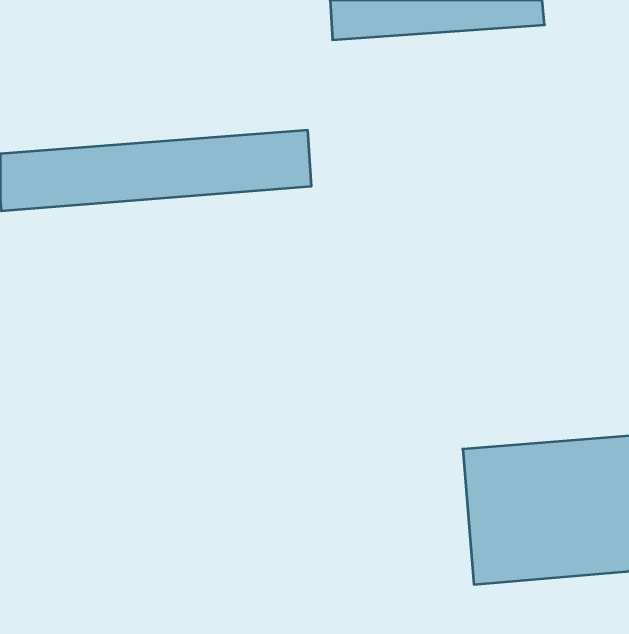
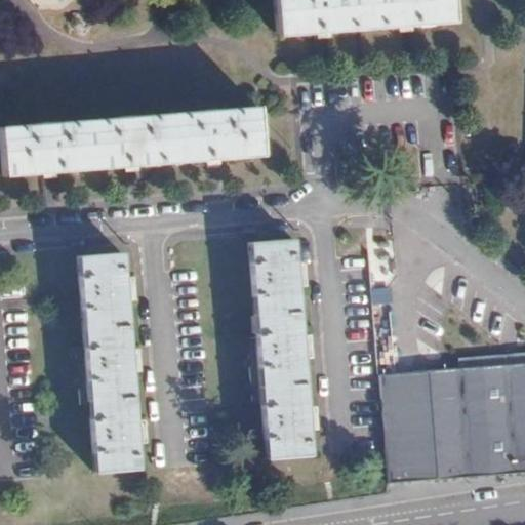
building: none -> [253,239,312,458]
building: none -> [80,252,140,472]

